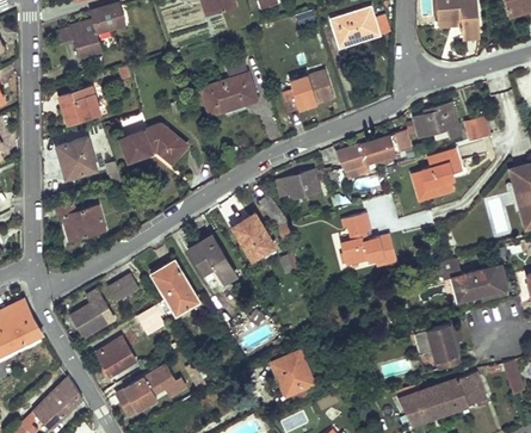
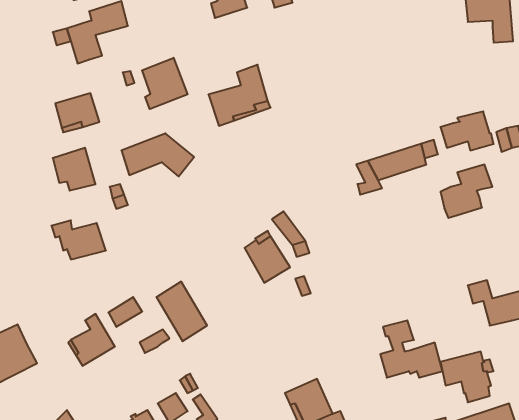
building: [329,8,390,49] -> none
building: none -> [142,58,188,109]
building: [282,72,333,113] -> none
building: [277,171,320,200] -> none
building: [340,214,397,266] -> [380,320,442,378]
building: [187,236,235,283] -> none
building: [98,338,136,377] -> none

